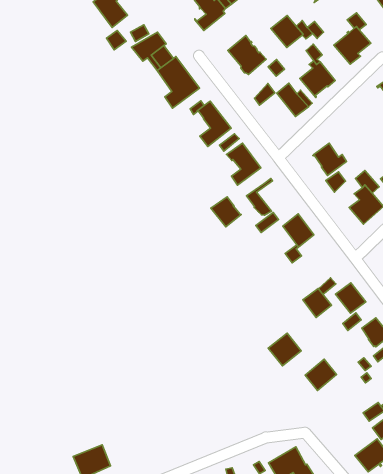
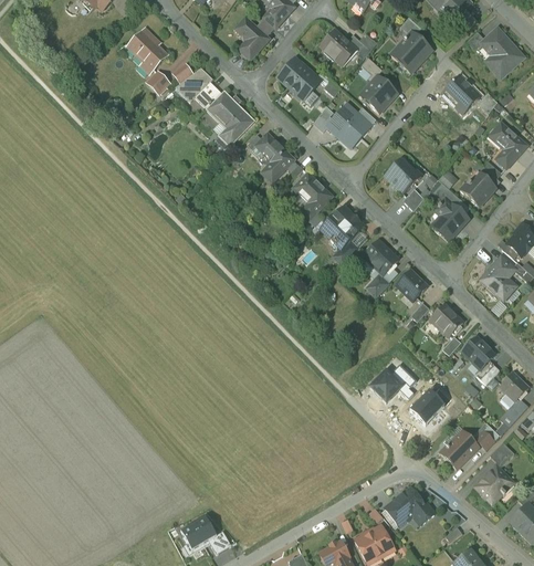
building: none -> [326,115,360,149]
building: [211,197,241,227] -> [331,209,364,241]
building: [303,289,331,317] -> [396,271,427,302]
building: none -> [440,431,478,469]

